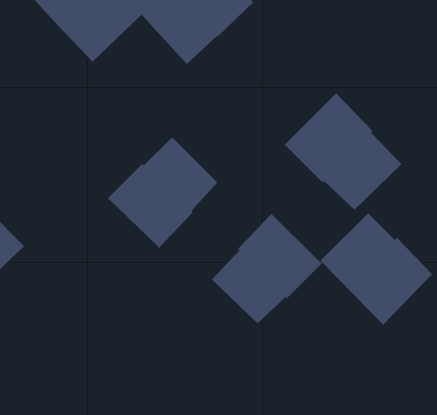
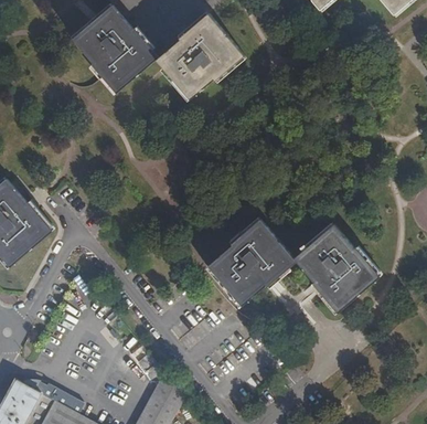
building: [284,93,402,211] -> none
building: [107,137,218,249] -> none

